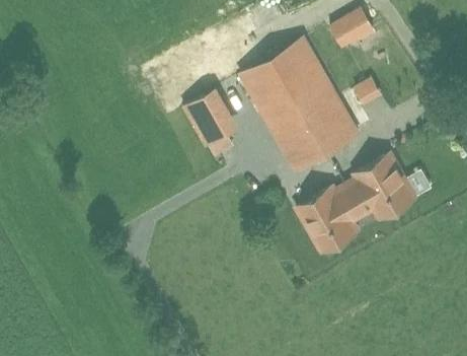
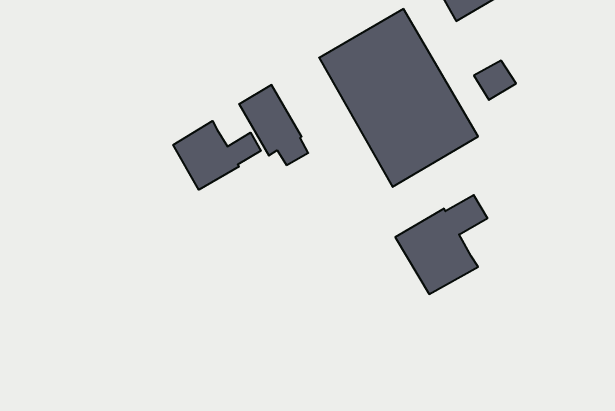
building: none -> [173,121,261,190]
building: [345,154,417,223] -> none

